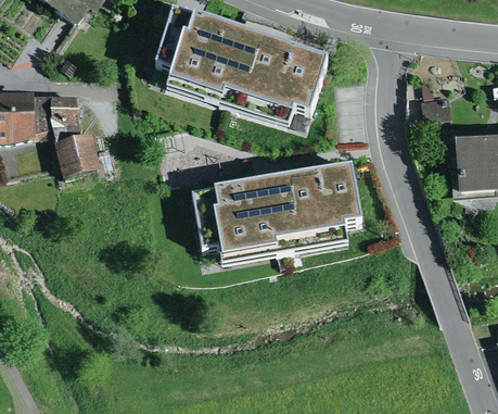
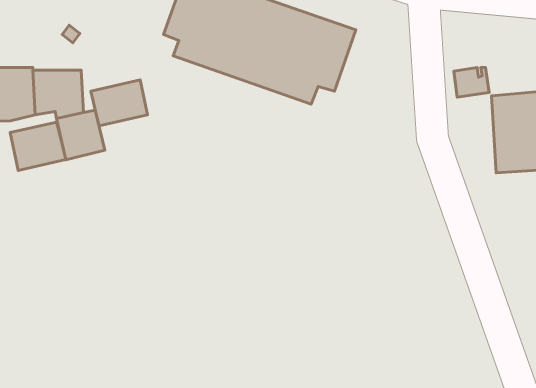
building: none -> [91,80,148,126]
building: none -> [10,122,66,170]
building: [189,170,365,268] -> none

